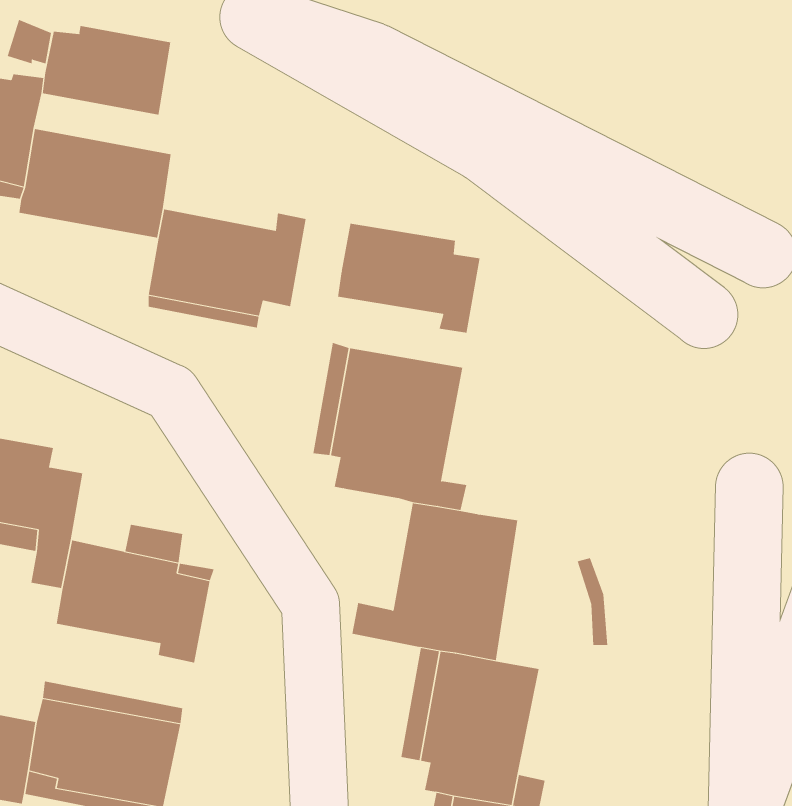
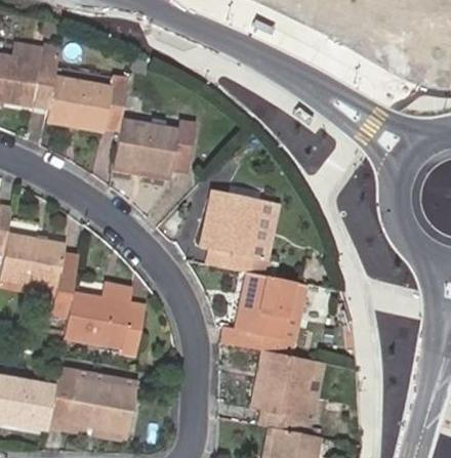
building: [42,25,171,115] -> none
building: [337,223,480,334] -> none

